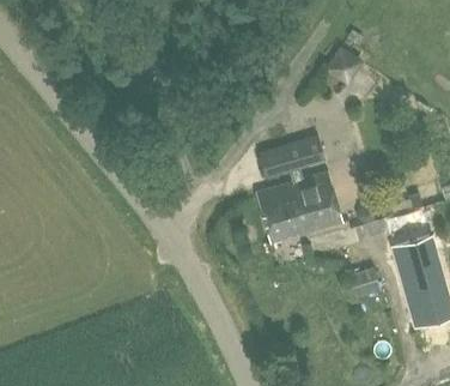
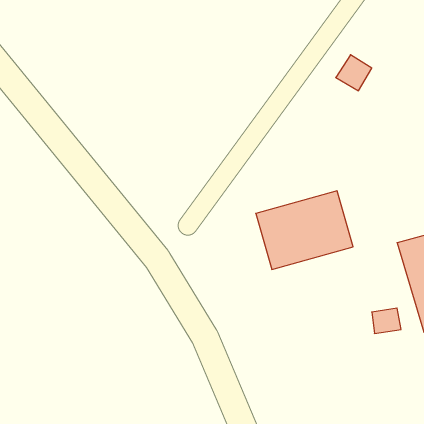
building: [259,139,324,179] -> none

